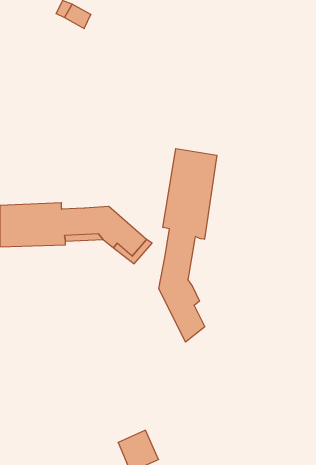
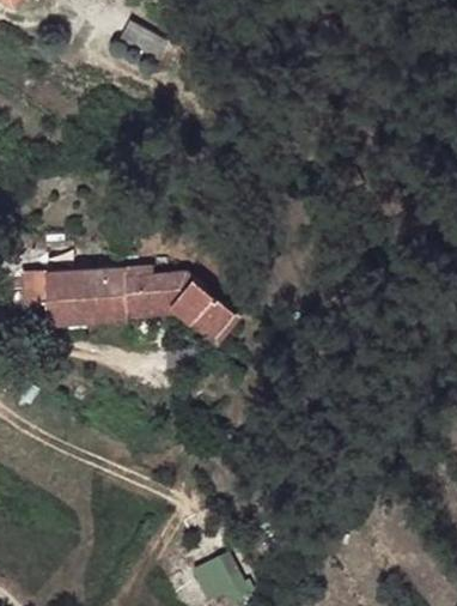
building: [159,149,217,342] -> none

